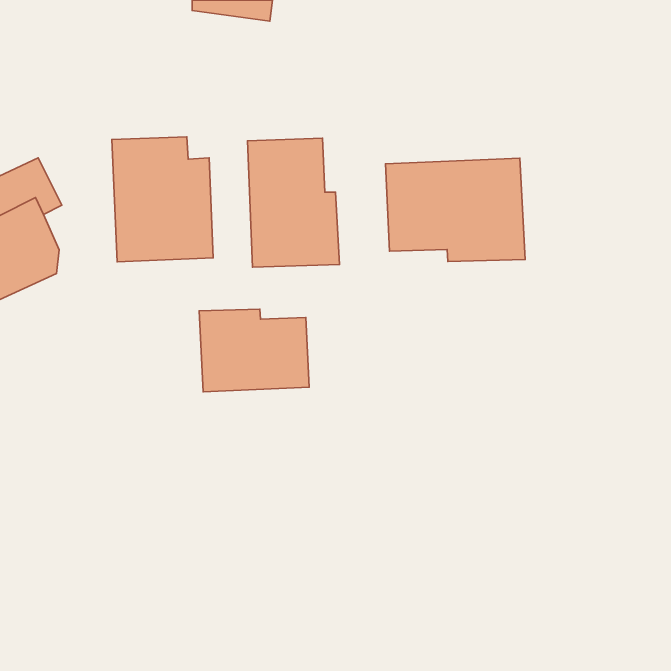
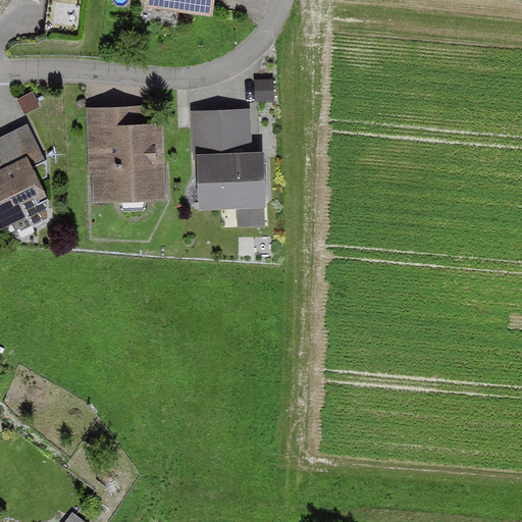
building: [385,158,525,262] -> none
building: [199,309,309,392] -> none

